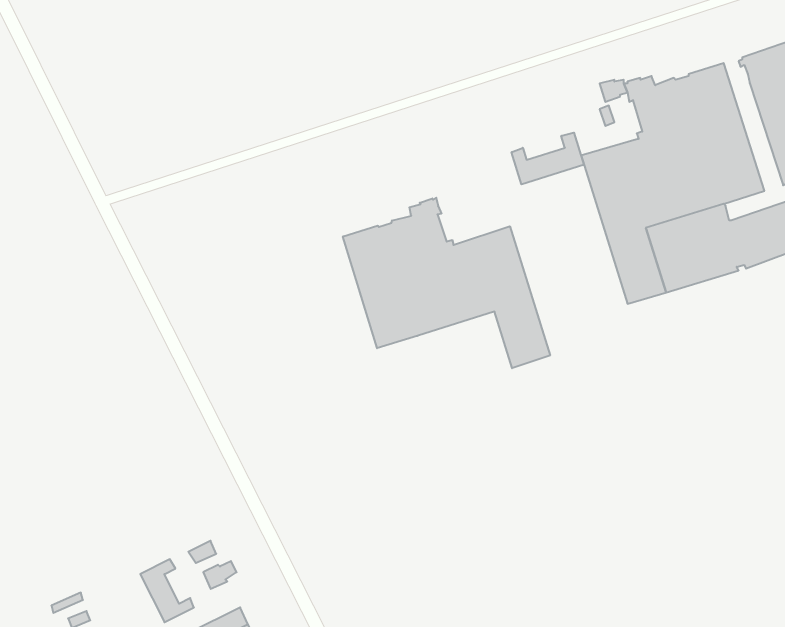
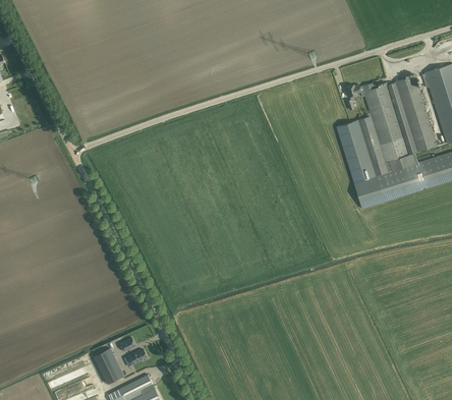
building: [512,133,584,184] -> none
building: [343,198,550,368] -> none

